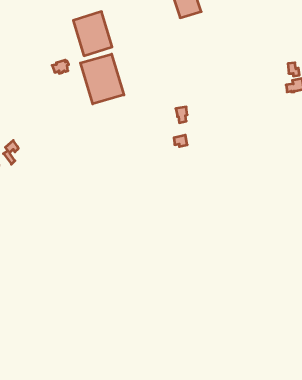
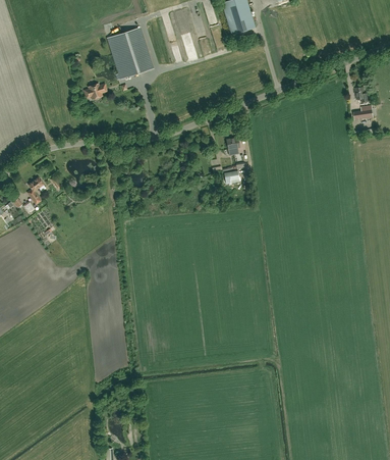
building: [80,54,124,104] -> none

